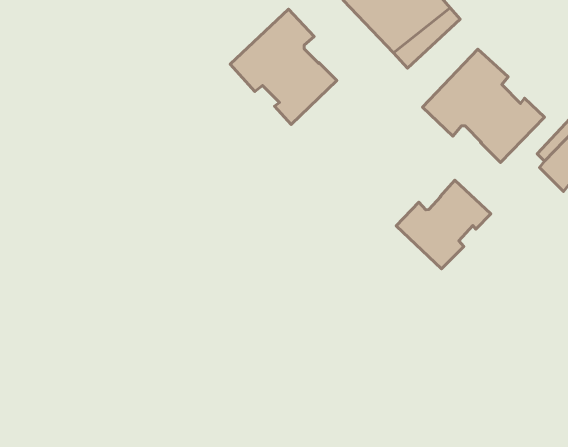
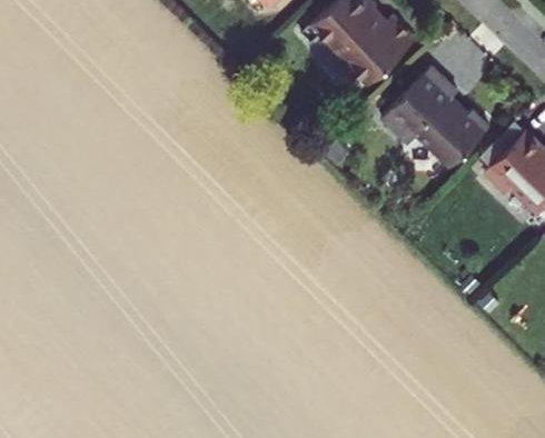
building: [230,9,337,124] -> none
building: [396,180,491,269] -> none

